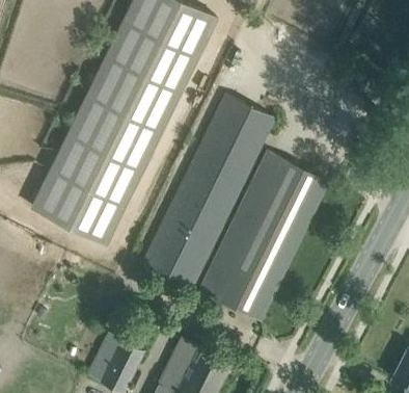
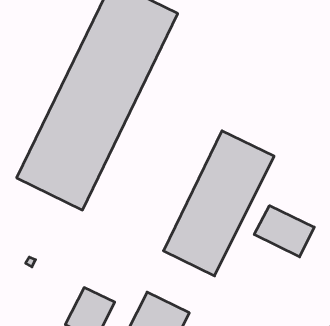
building: [143,96,274,287] -> none
building: none -> [254,206,314,257]

